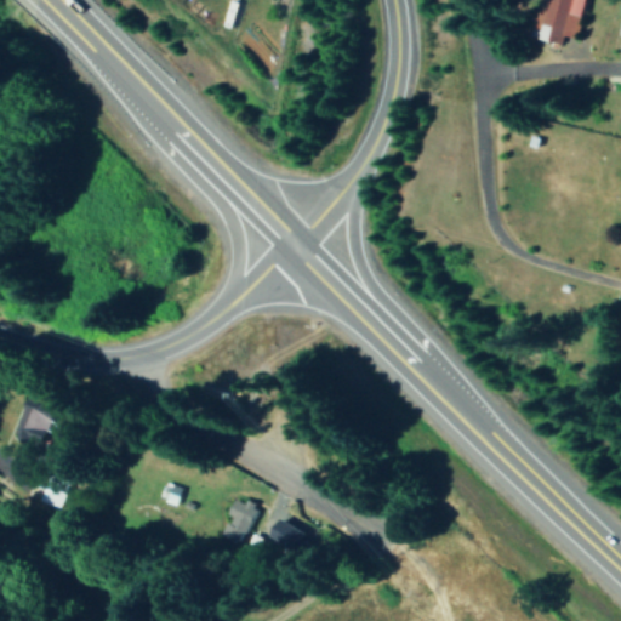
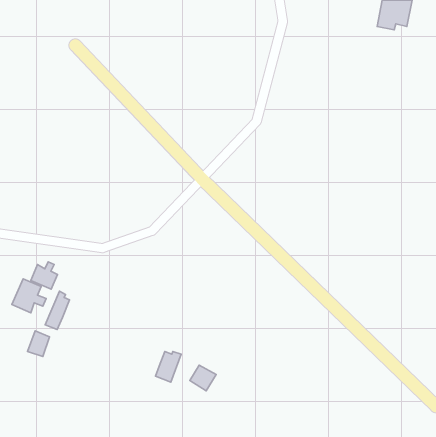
building: none -> [31,262,58,289]
building: none -> [45,291,70,329]

